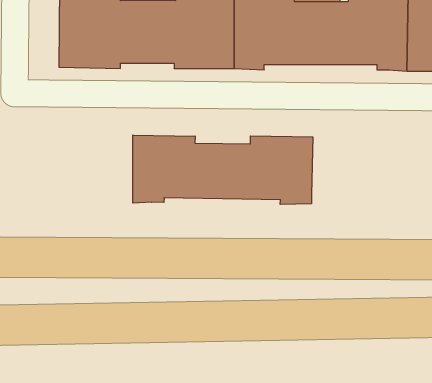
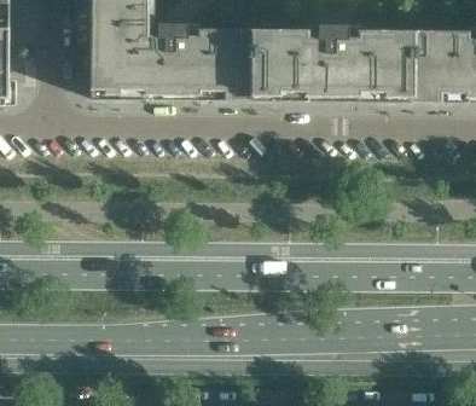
building: [133,135,313,204] -> none

